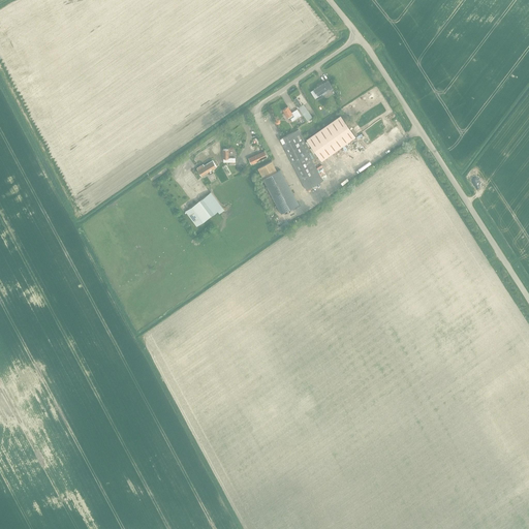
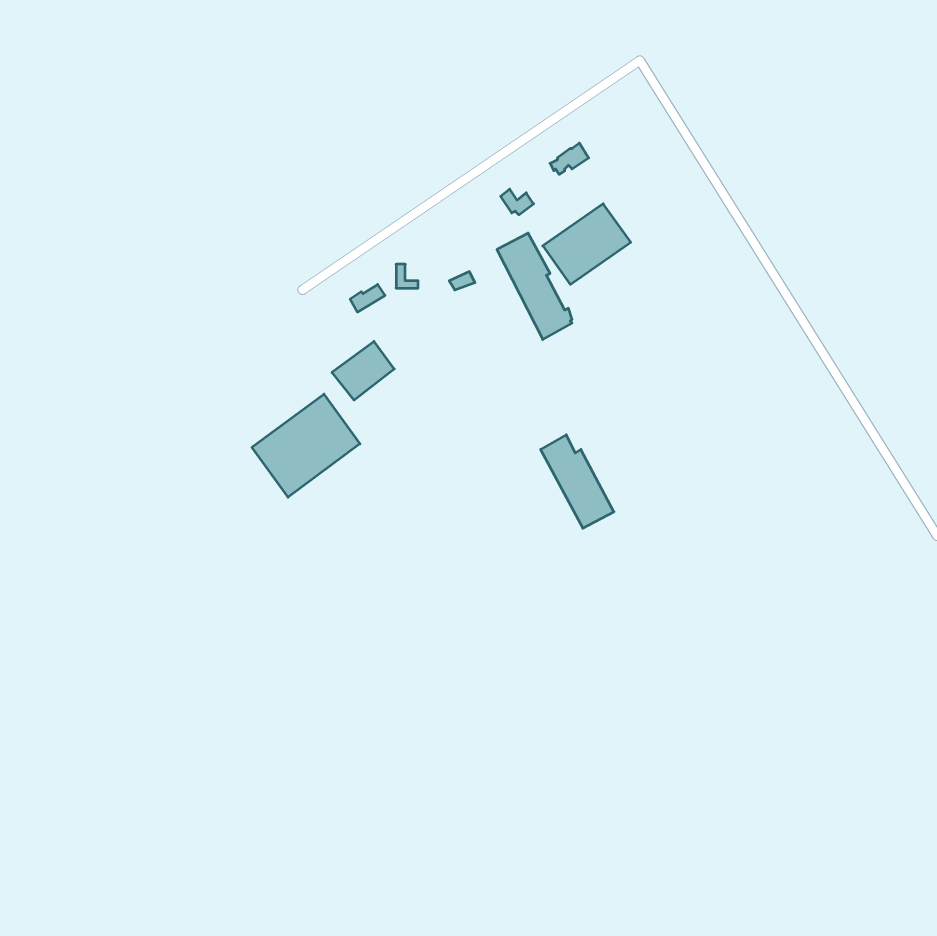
building: [257,162,299,215] -> [541,435,614,528]
building: none -> [252,394,360,497]

